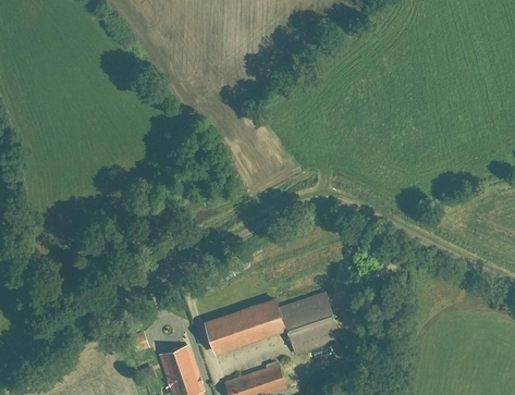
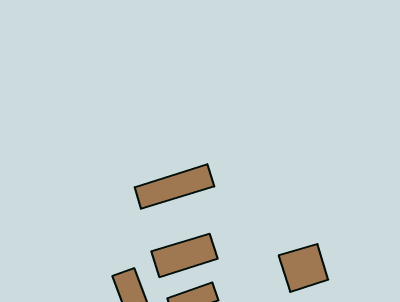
building: none -> [135,164,214,209]
building: [281,294,342,353] -> [279,244,328,292]

